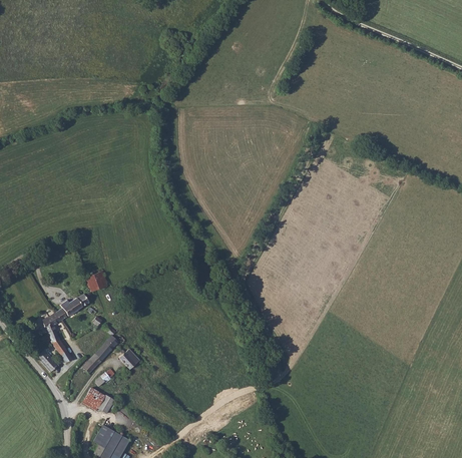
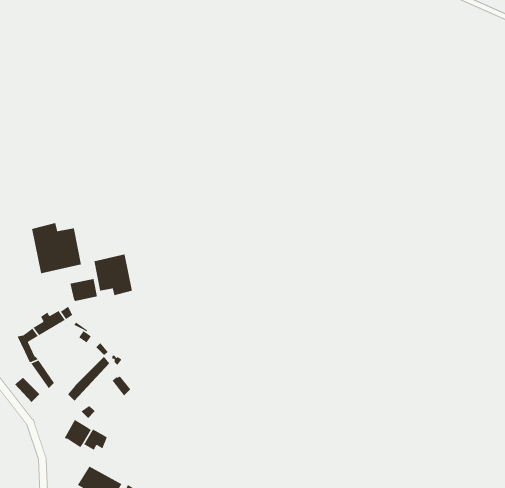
building: none -> [31,222,82,274]
building: none -> [94,253,133,296]

